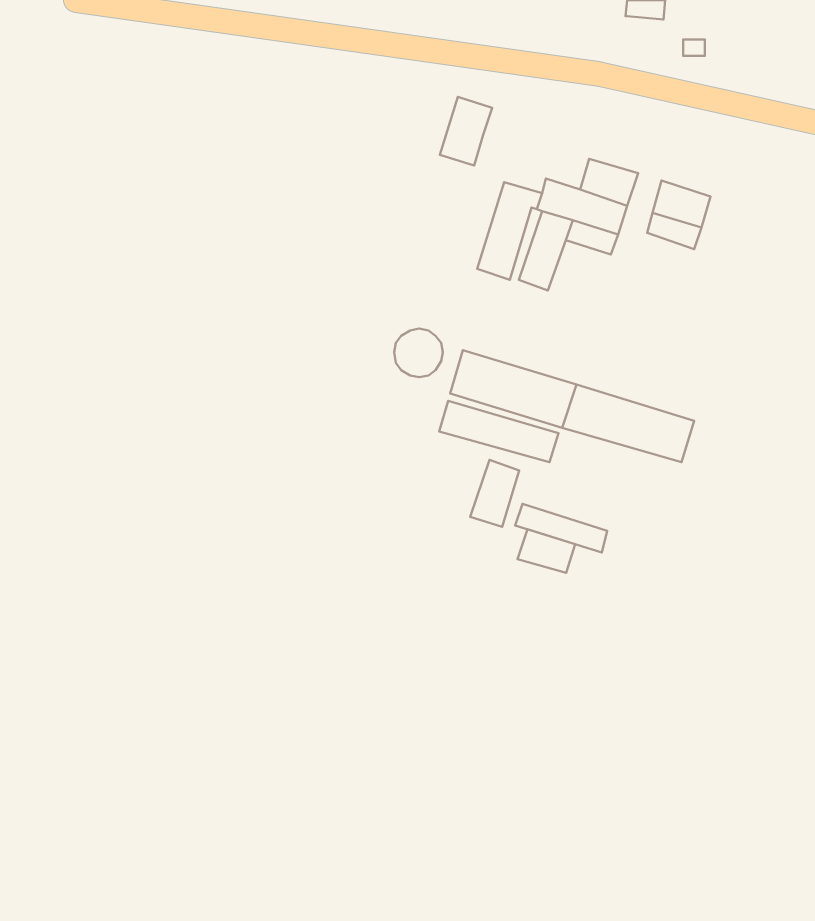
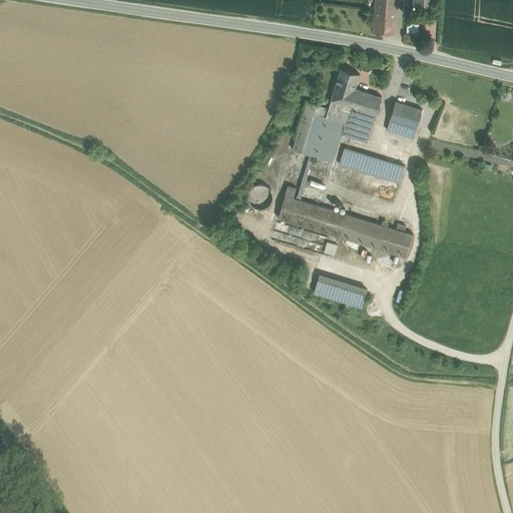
building: none -> [374,10,396,34]
building: [440,97,492,166] -> [331,68,360,106]
building: none -> [339,148,405,183]
building: [470,460,519,527] -> none
building: [518,529,575,573] -> none

